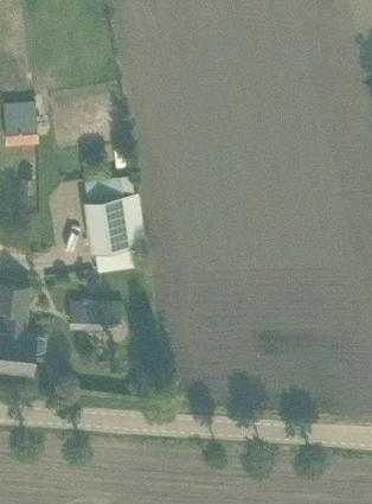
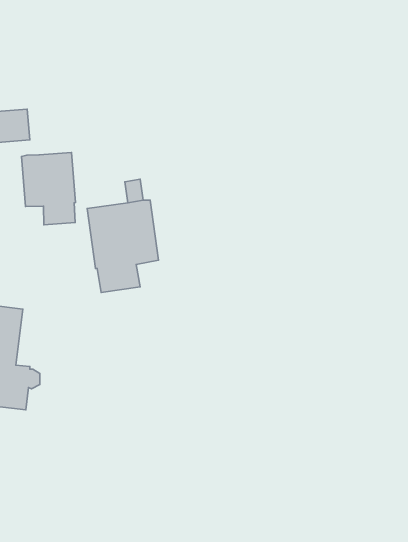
building: none -> [22,152,75,225]
building: [85,299,121,326] -> none

